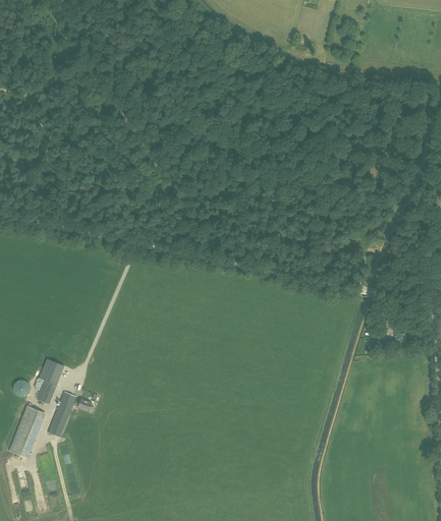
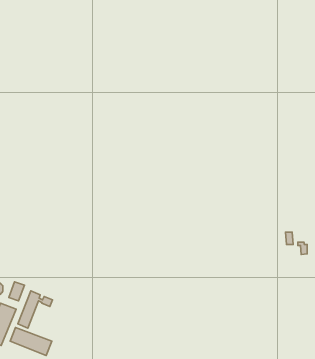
building: [38,357,63,383] -> none
building: none -> [10,327,52,355]

